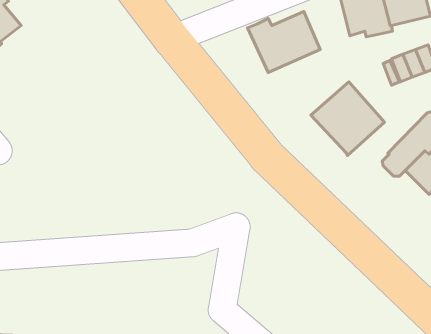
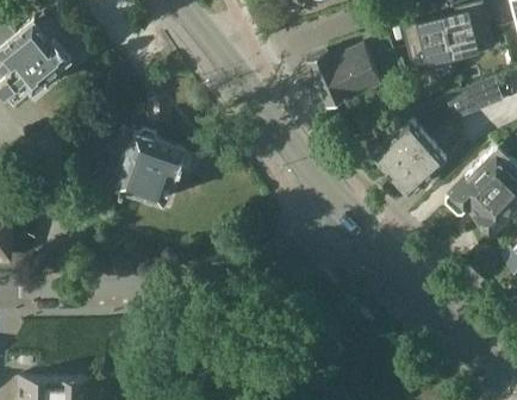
building: none -> [100,129,186,202]

